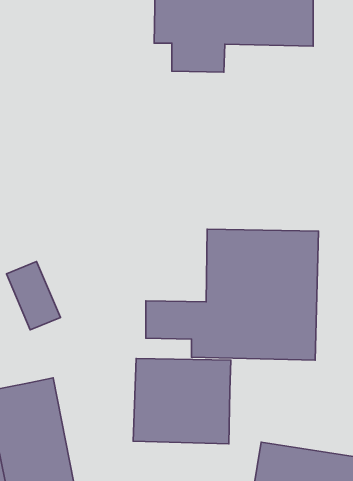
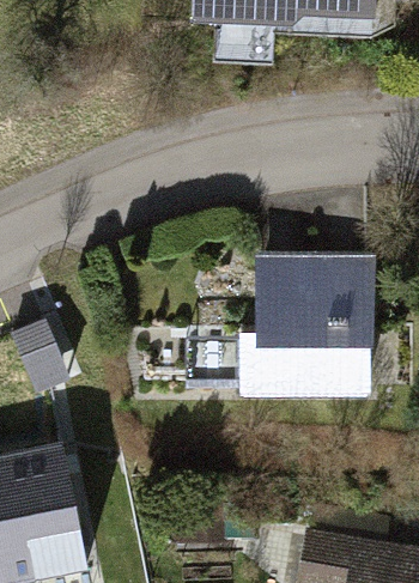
building: [133,359,231,444] -> none

